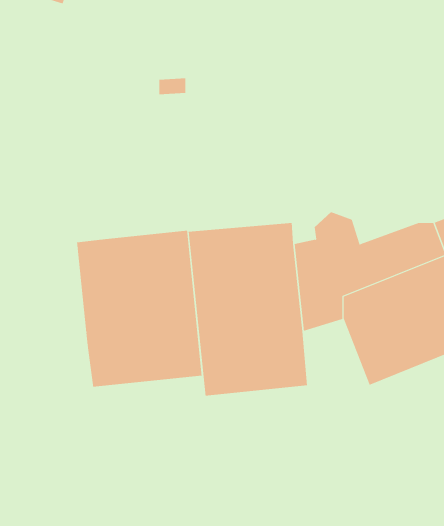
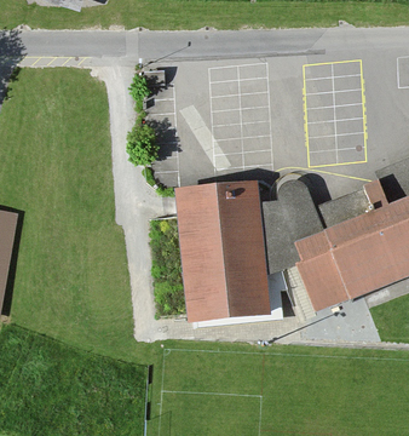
building: [77,230,202,387] -> none

